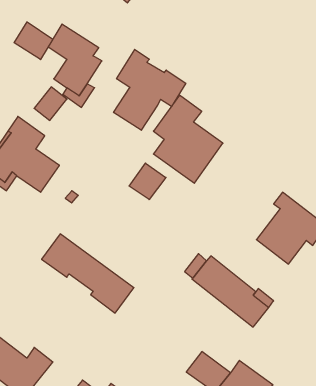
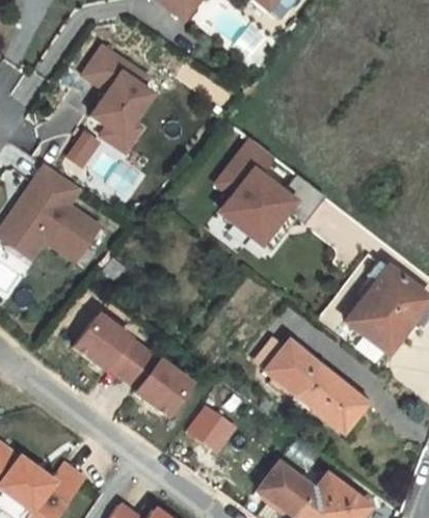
building: [14,22,53,60] -> none
building: [114,49,186,130] -> none
building: [129,163,166,200] -> none
building: none -> [189,405,239,454]

